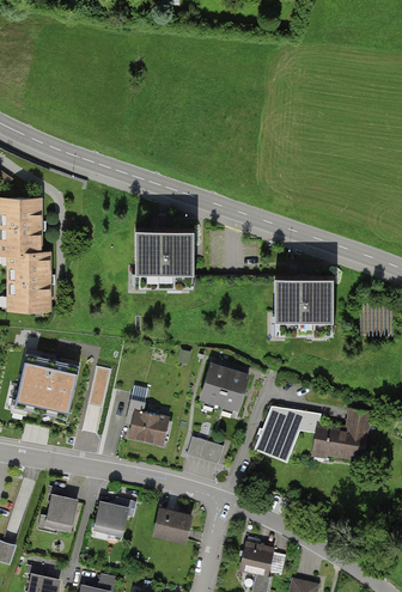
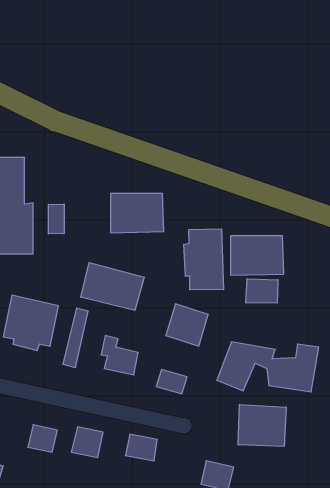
building: none -> [48,204,64,234]
building: none -> [184,229,223,290]
building: none -> [81,263,144,310]
building: none -> [246,279,278,303]
building: none -> [238,404,286,446]

